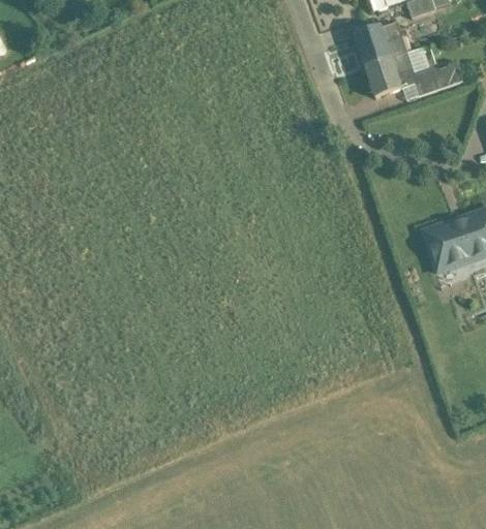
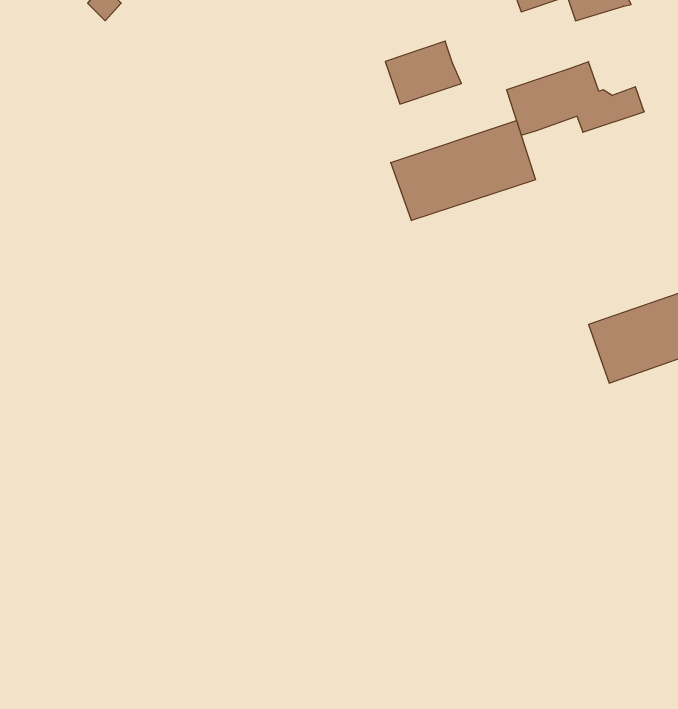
building: [354,21,407,65] -> [385,41,461,104]
building: none -> [391,120,536,221]

